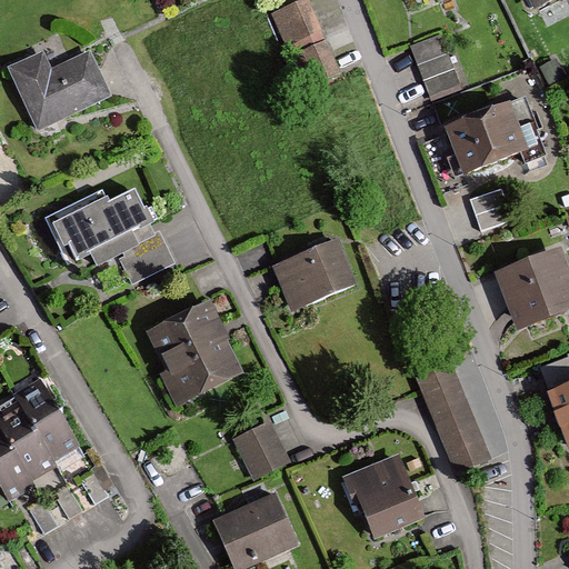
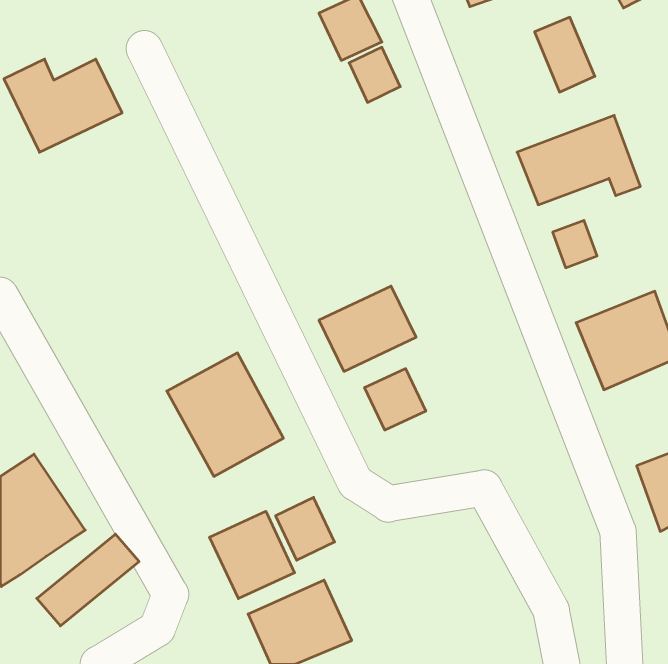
building: [411,32,462,96] -> [535,17,595,92]
building: [42,189,151,269] -> none
building: none -> [365,369,426,430]
building: [417,362,493,475] -> none
building: none -> [210,511,295,599]
building: [349,458,426,540] -> none

